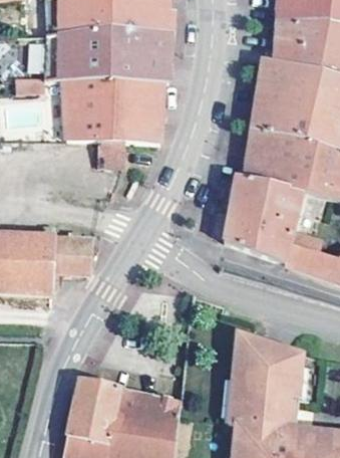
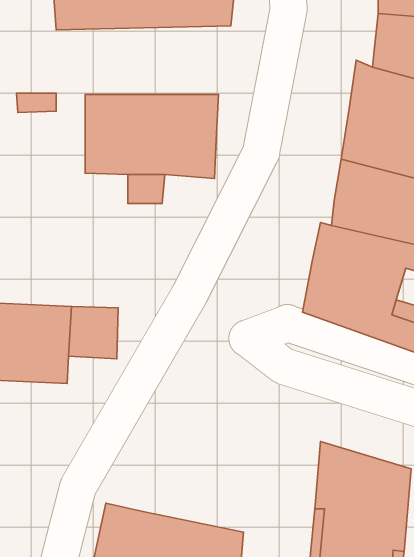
building: [43,30,171,80] -> none

